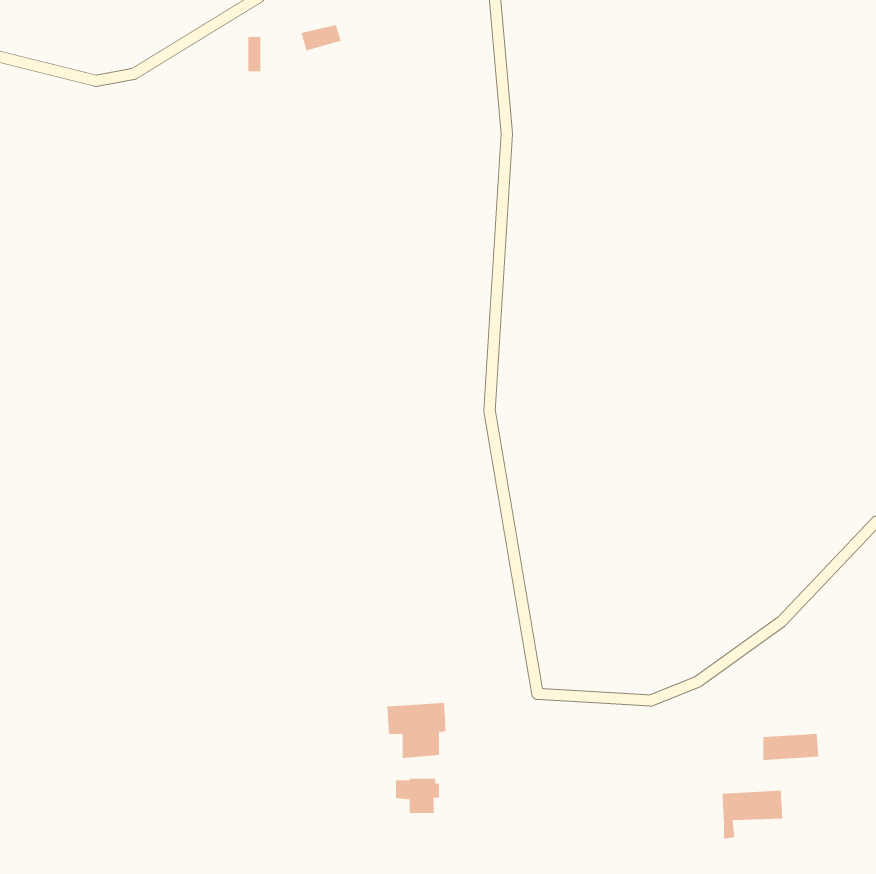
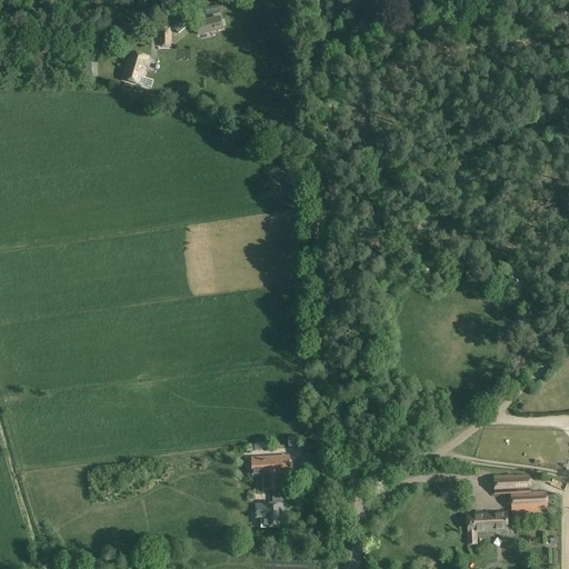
building: none -> [122,52,148,83]
building: none -> [509,491,547,510]

